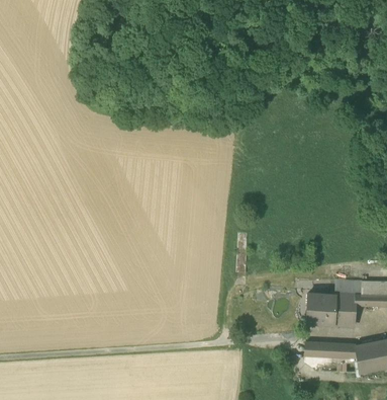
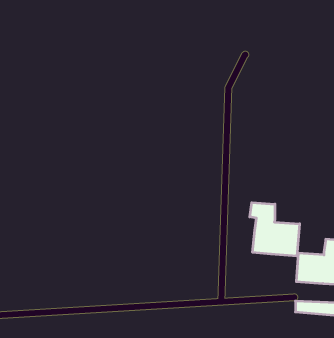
building: none -> [250,203,300,256]

